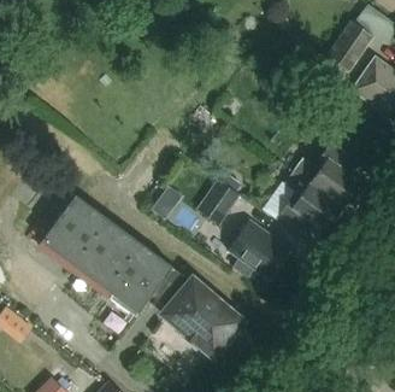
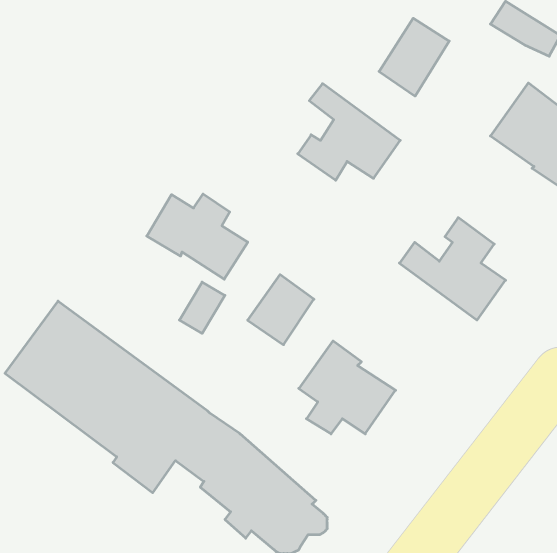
building: [326,21,371,70] -> [379,18,449,96]
building: none -> [147,194,248,279]
building: [276,170,341,232] -> [298,84,400,180]

